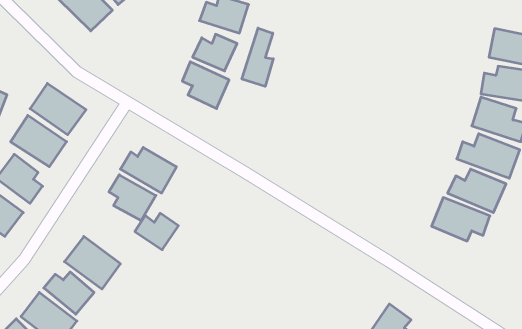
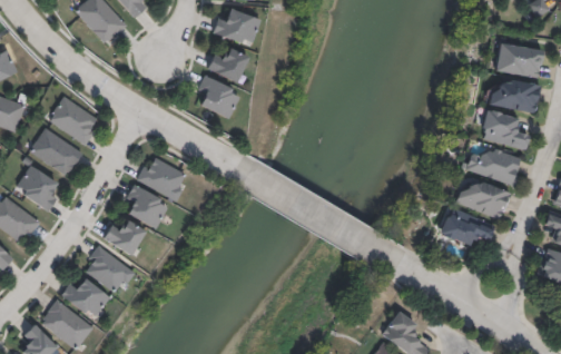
building: [242,28,273,86] -> none
building: [135,213,178,250] -> [104,219,146,255]

